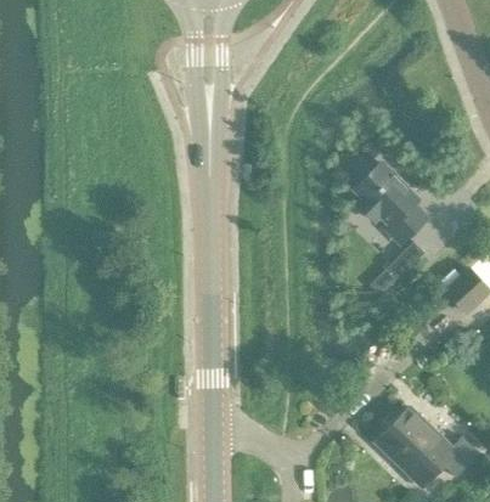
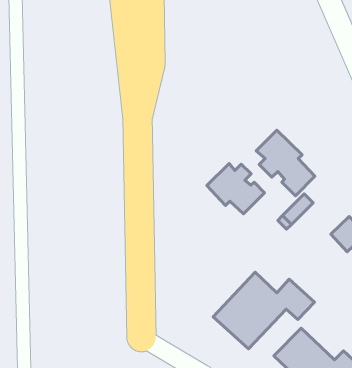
building: none -> [207,164,265,214]
building: none -> [213,272,314,349]

